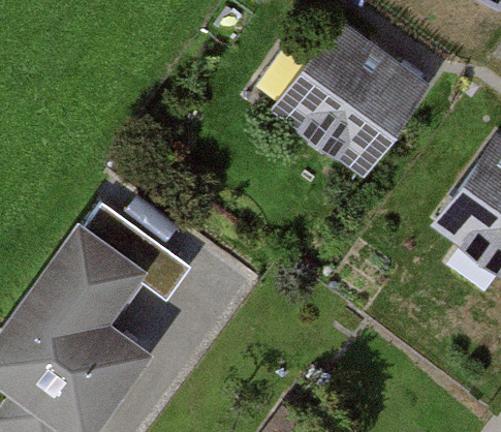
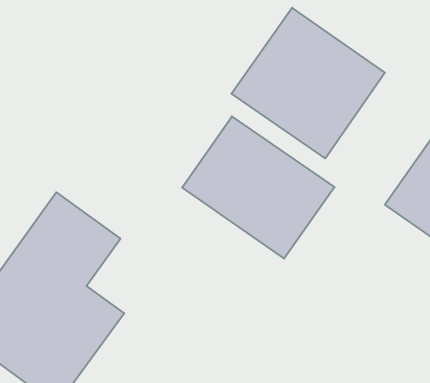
building: none -> [182,116,335,259]

